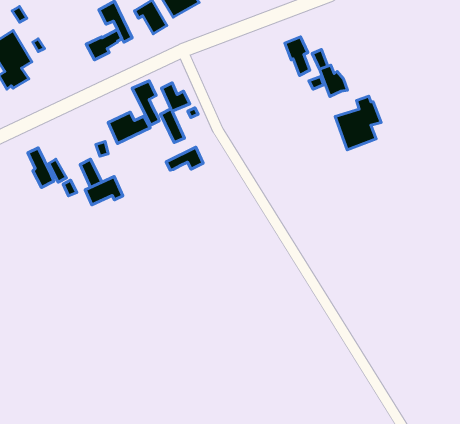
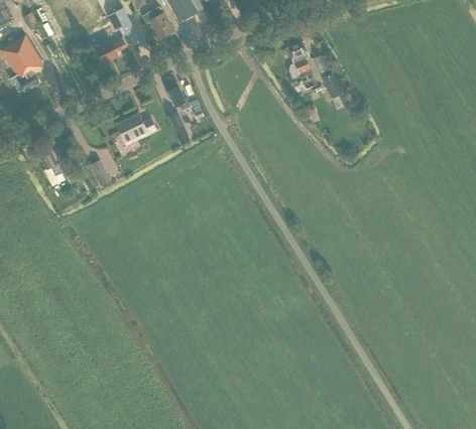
building: [132,81,159,125] -> none
building: [335,96,381,150] -> none
building: [166,147,203,170] -> none
building: [85,177,123,205] -> none

